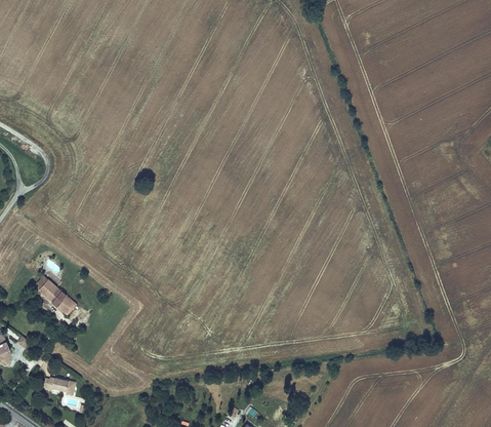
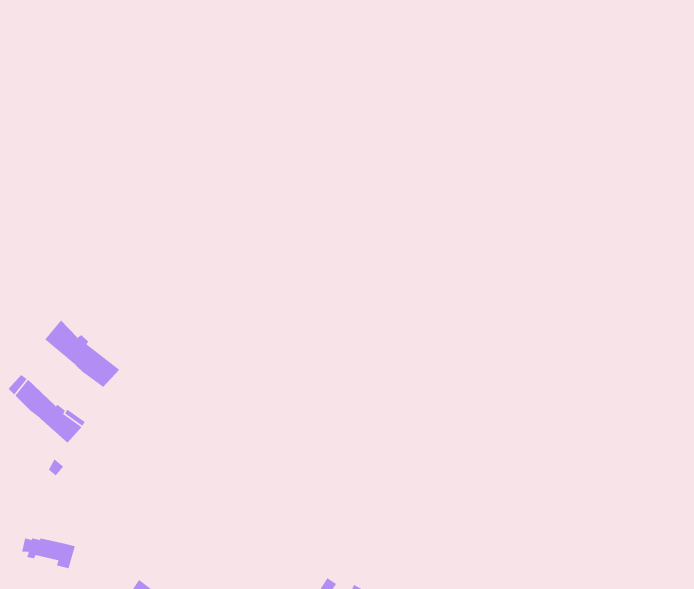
building: none -> [44,319,120,388]

